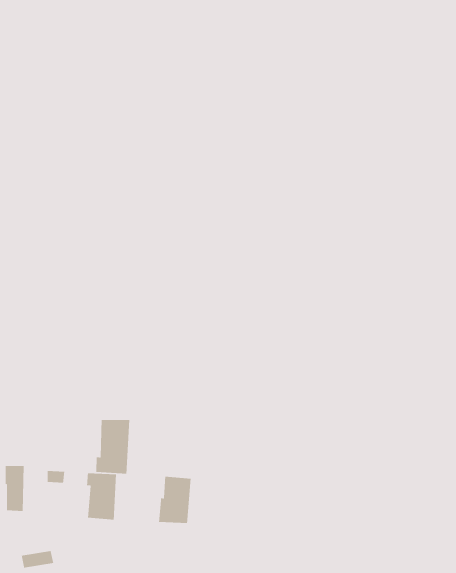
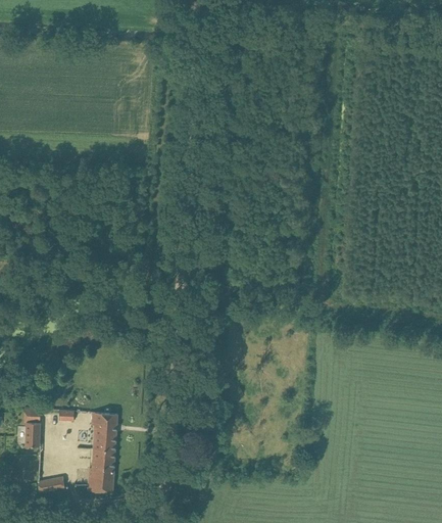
building: [95,419,130,474] -> none
building: [158,476,191,524] -> [87,451,114,491]

